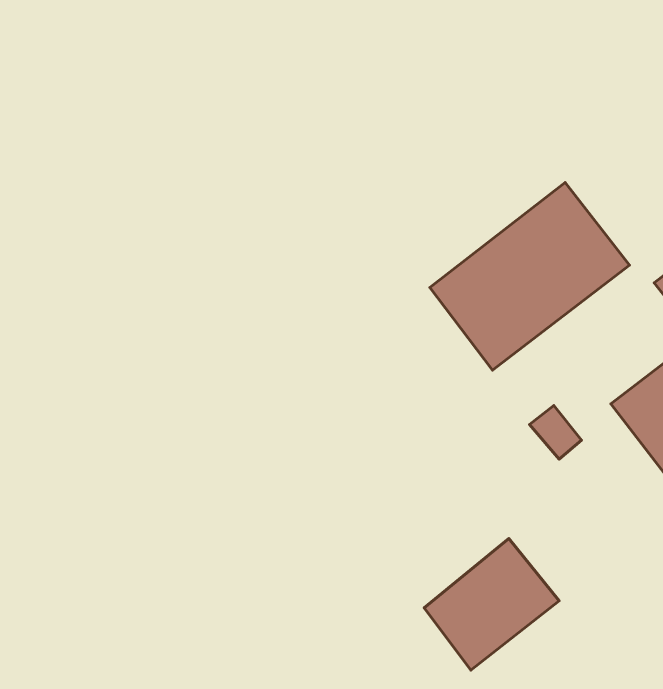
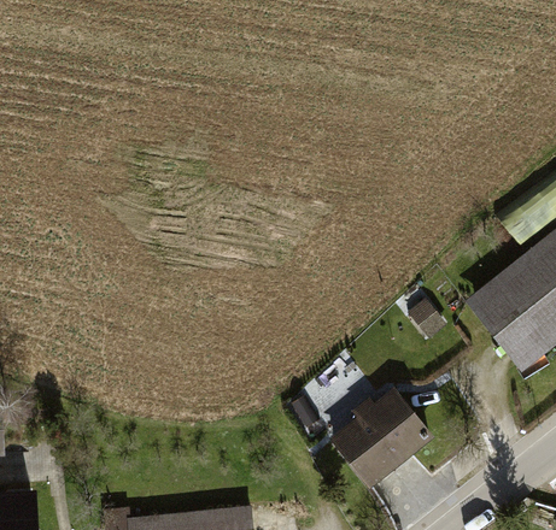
building: [430,182,629,370] -> none

